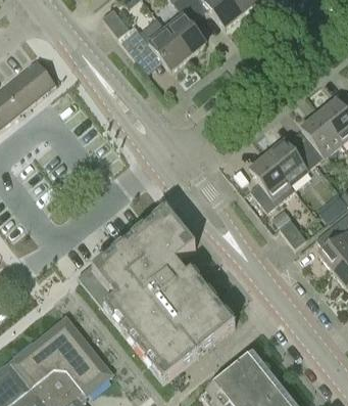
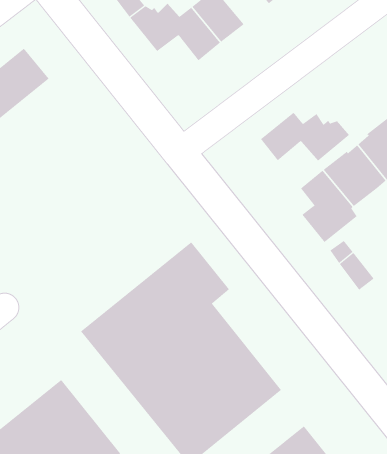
building: none -> [260,112,350,161]

